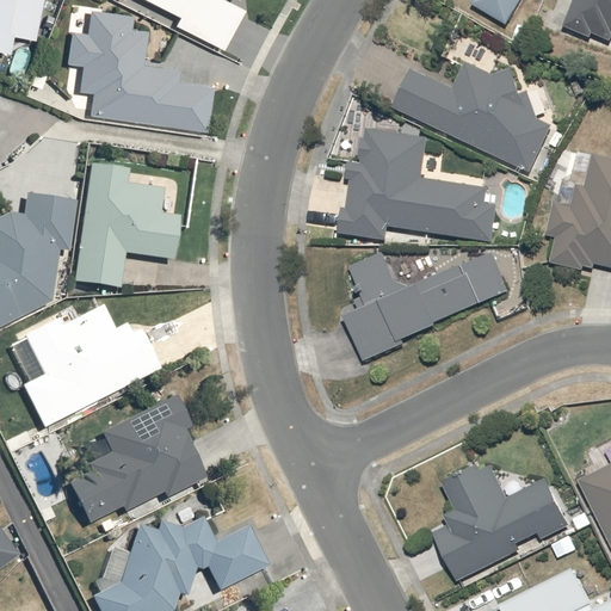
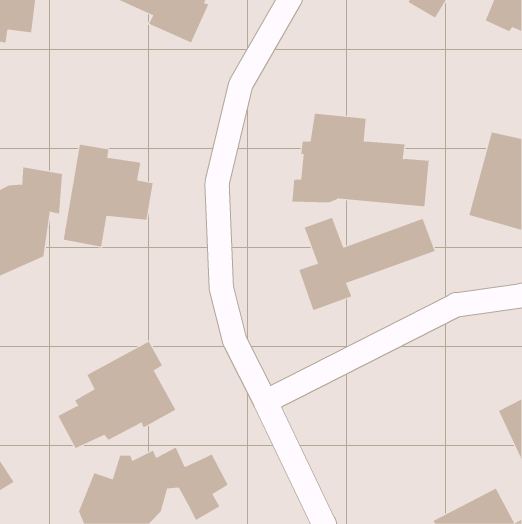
building: [67,12,209,129] -> none
building: [396,58,553,171] -> none
building: [21,298,162,431] -> none
building: [432,461,568,586] -> none

